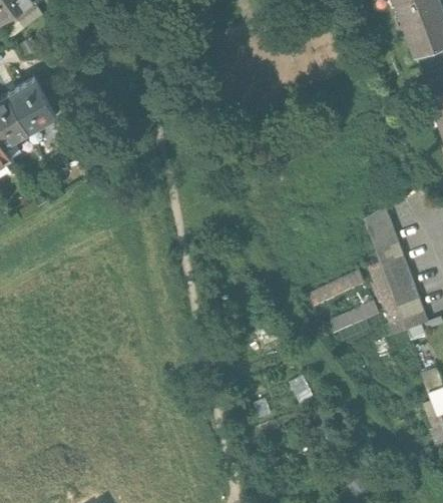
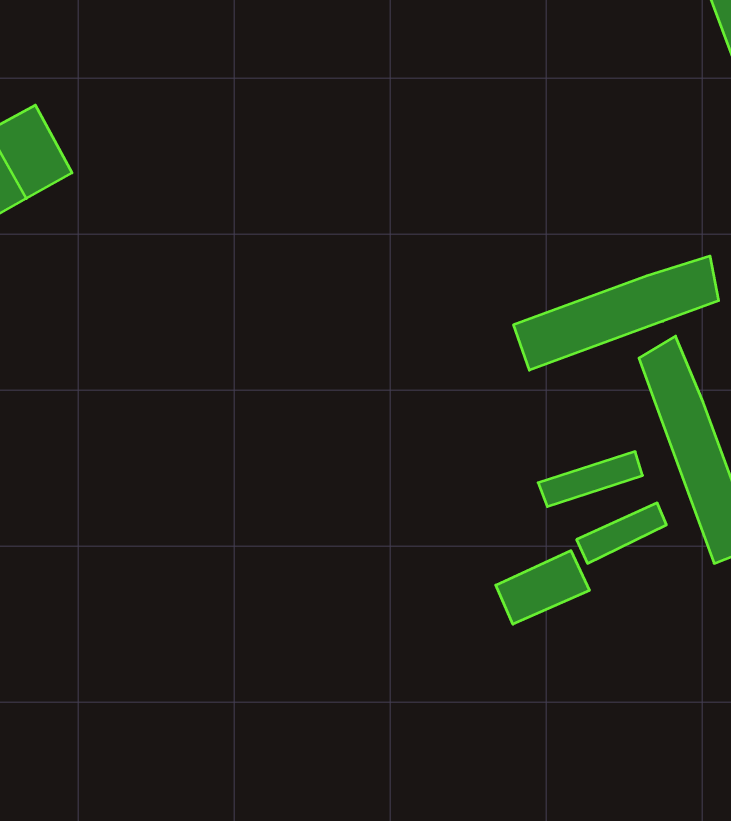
building: none -> [514,256,719,370]
building: none -> [496,551,589,624]

